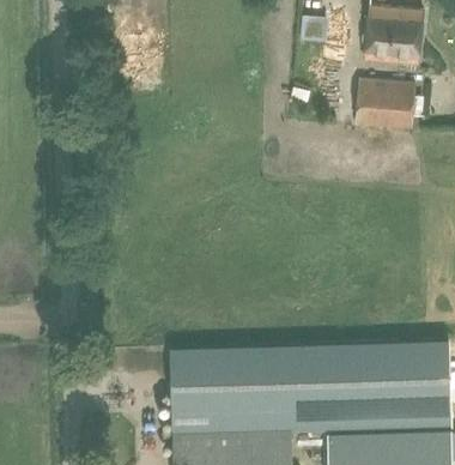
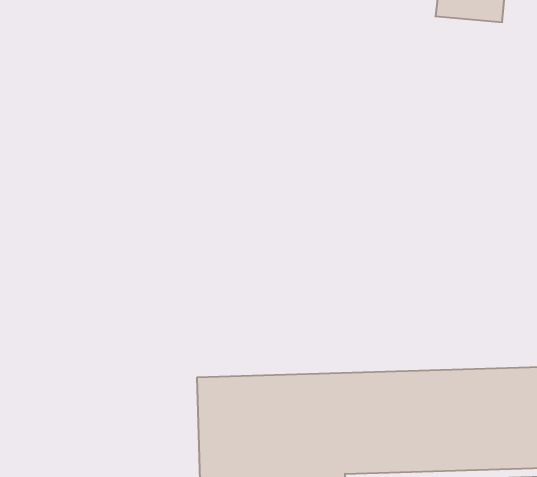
building: [356,78,414,127] -> none

